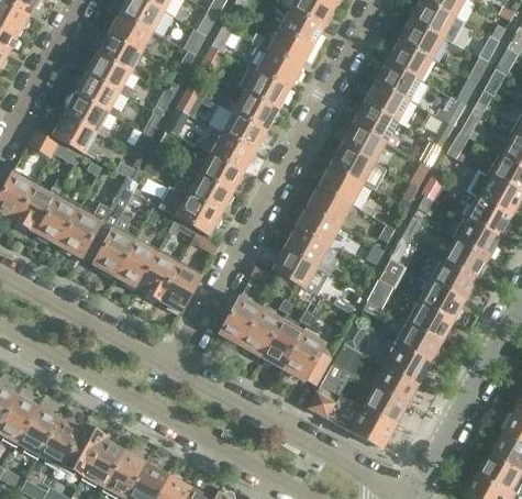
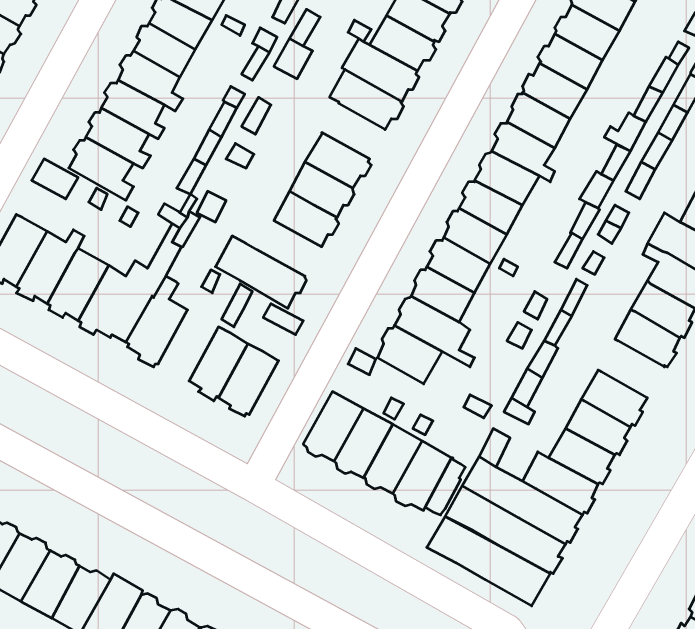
building: [215,90,279,130] -> none
building: [179,174,234,213] -> none
building: [116,237,159,290] -> none
building: [430,258,477,300] -> none

